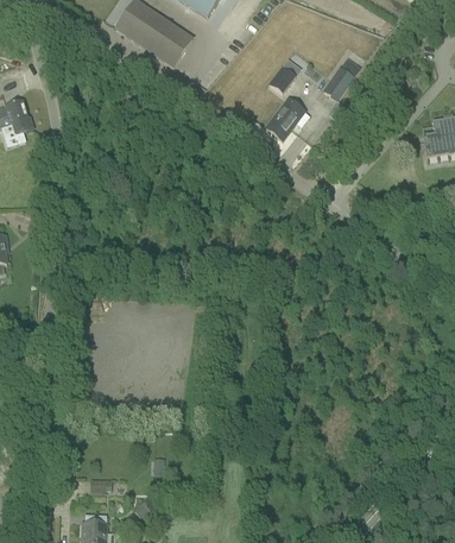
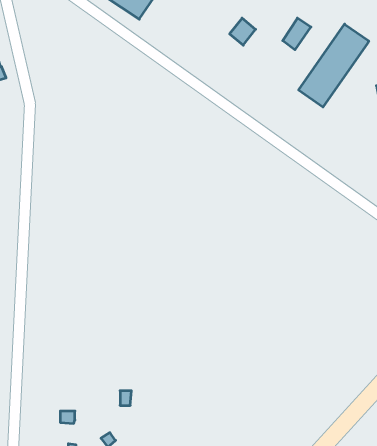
building: none -> [299,24,369,107]
building: [266,97,310,139] -> none

